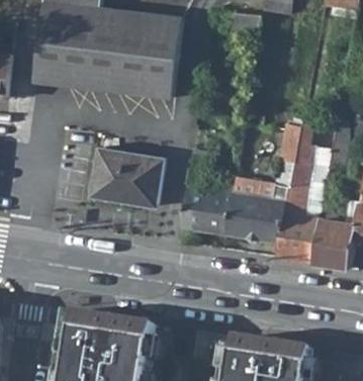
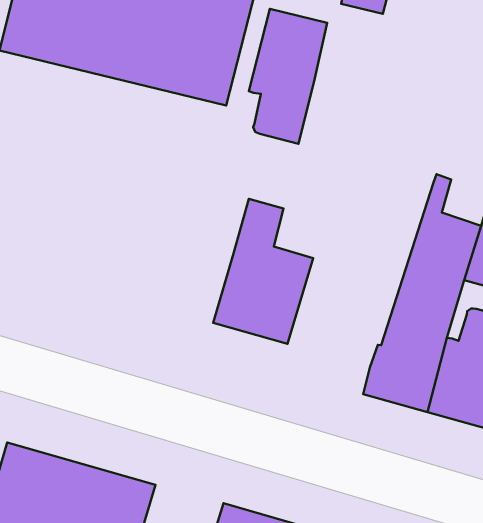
building: none -> [249,9,327,144]
building: [225,125,300,242] -> none
building: [92,150,164,207] -> none

